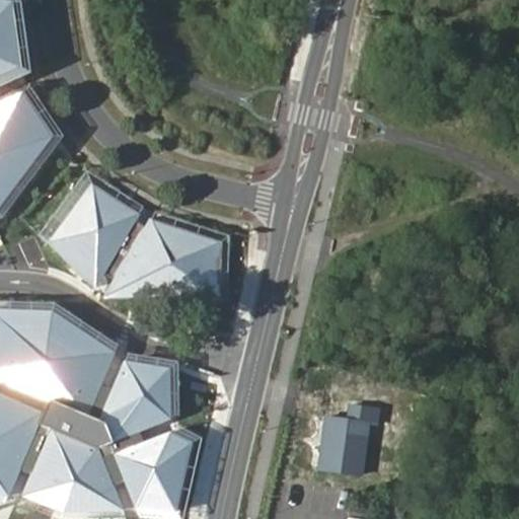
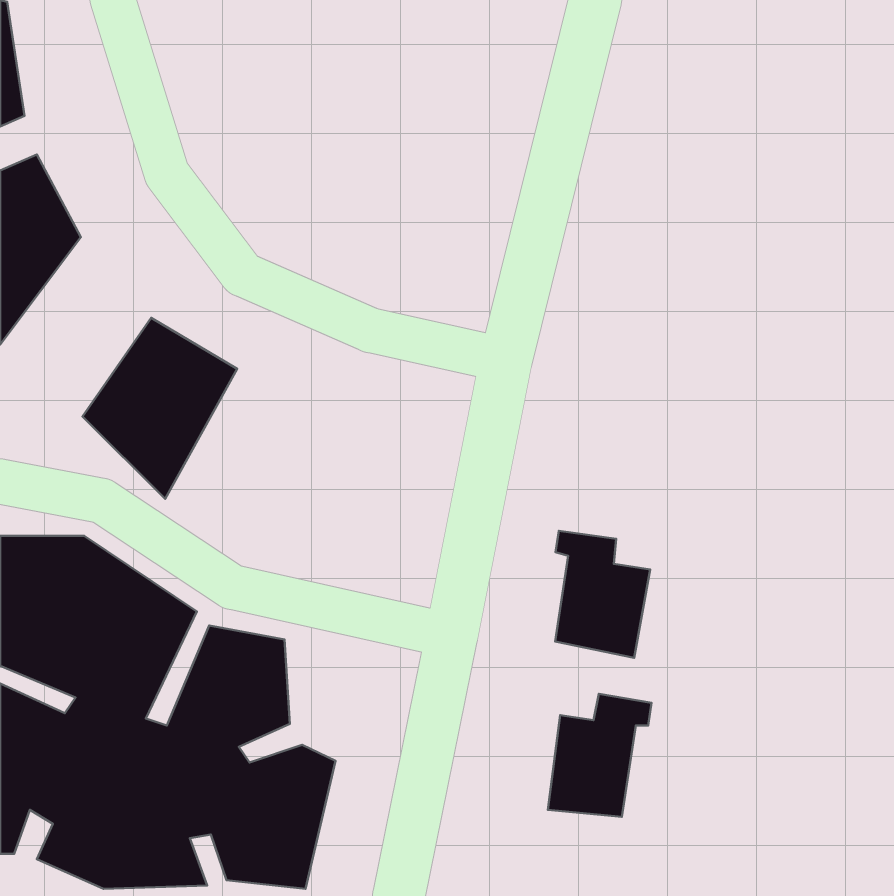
building: [104,217,221,300] -> none
building: none -> [555,531,650,658]

